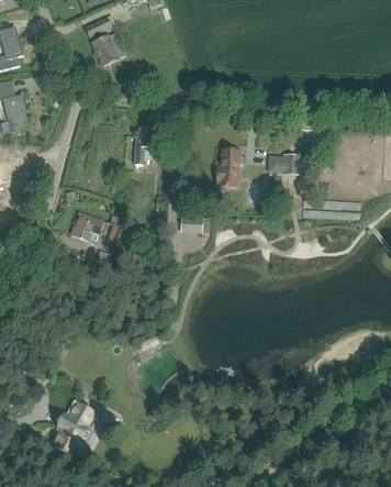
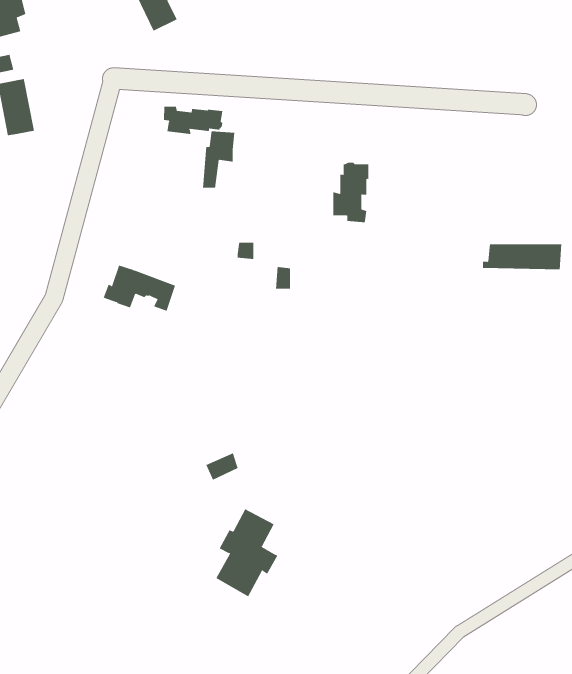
building: none -> [163,106,223,135]
building: [269,155,313,173] -> none
building: [55,401,94,457] -> [215,508,278,597]

